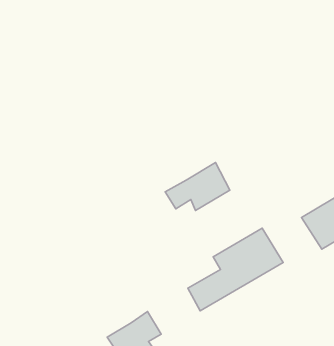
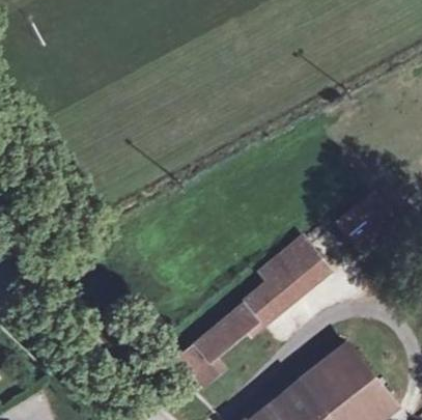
building: [165,163,230,210] -> none
building: none -> [209,304,257,349]

